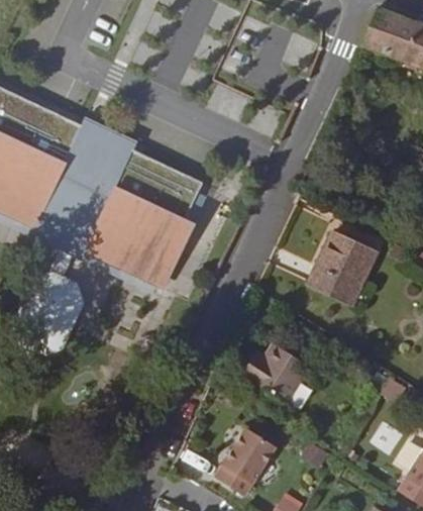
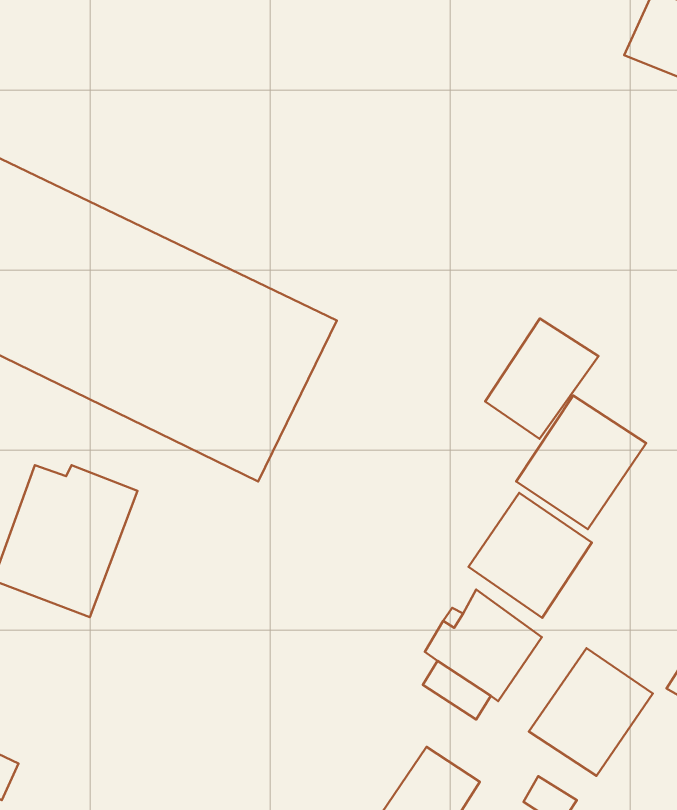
building: none -> [485,318,599,439]
building: none -> [469,493,592,618]
building: none -> [529,648,653,776]

